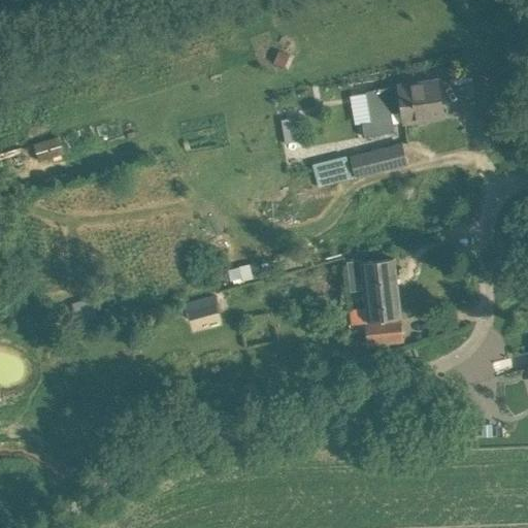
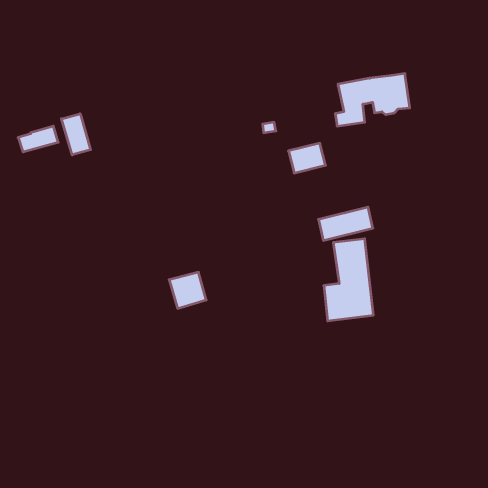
building: none -> [61,114,91,155]
building: [349,141,407,177] -> [318,207,373,240]

